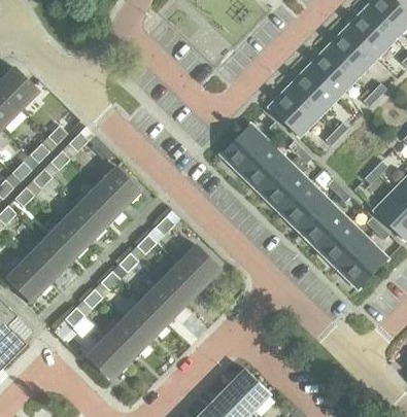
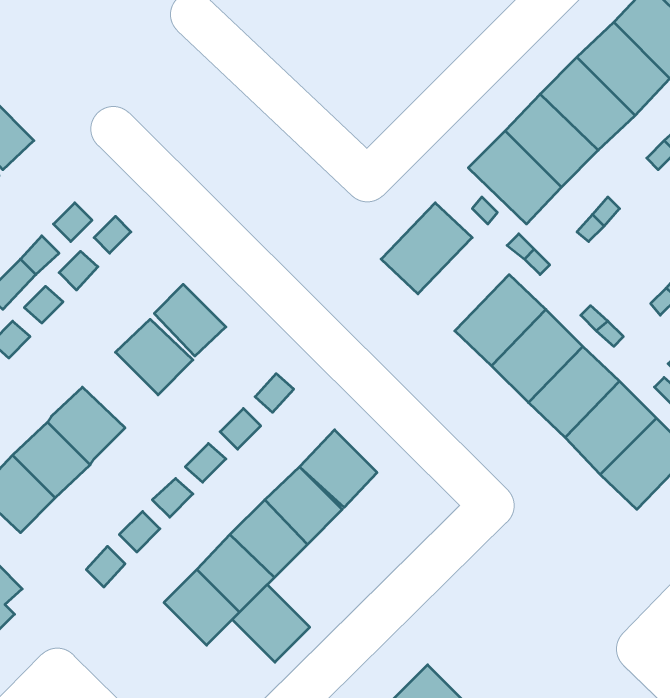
building: [241,143,290,193] -> none
building: [63,204,103,244] -> none
building: [88,337,129,378] -> [232,585,310,662]

